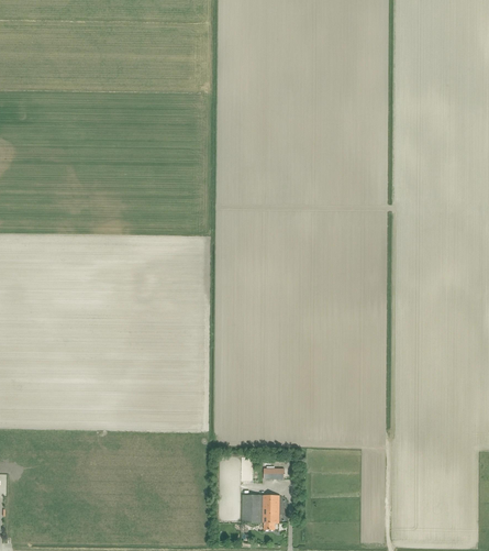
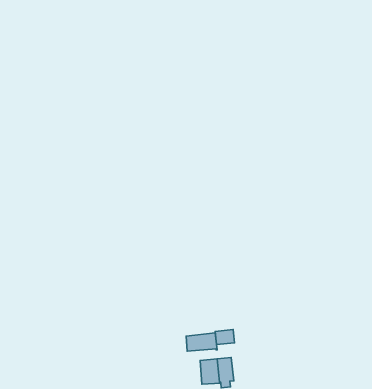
building: none -> [186,333,217,351]

